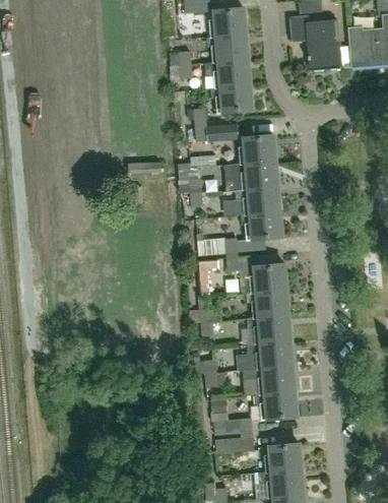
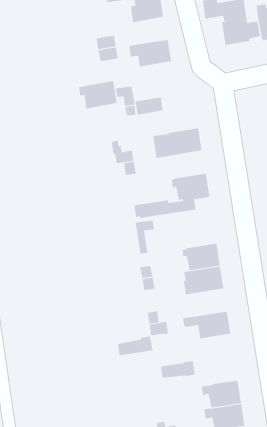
building: [207,34,250,62] -> none
building: [212,83,254,113] -> [79,81,117,109]
building: [240,133,276,163] -> none
building: [227,185,281,213] -> none
building: [227,254,287,292] -> none
building: [248,339,294,368] -> none
building: [260,390,298,419] -> none
building: [215,433,255,452] -> [117,336,153,356]

